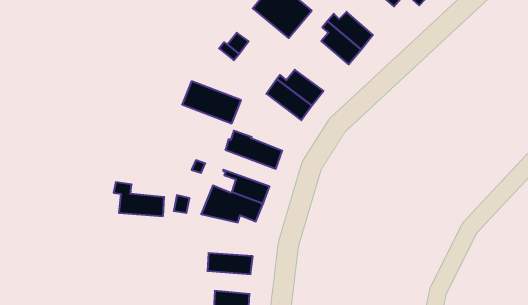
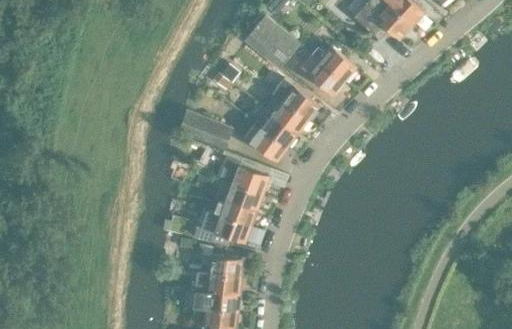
building: none -> [272,77,319,120]
building: none -> [243,123,287,163]
building: none -> [213,176,263,211]
building: [114,182,164,216] -> [194,245,242,277]
building: none -> [197,291,239,313]

